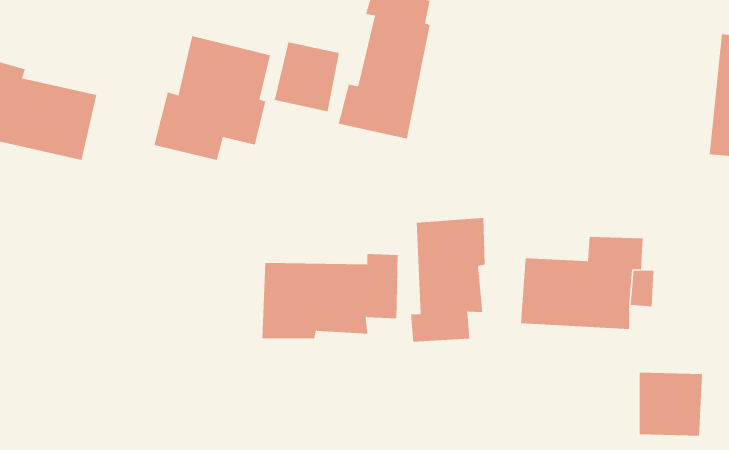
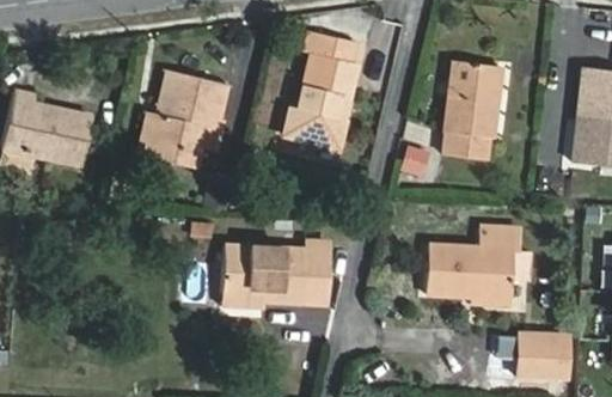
building: none -> [442,60,502,160]
building: [274,42,339,112] -> none
building: [411,217,485,342] -> none

